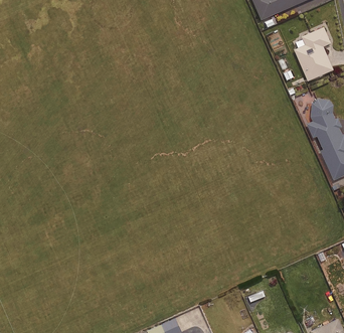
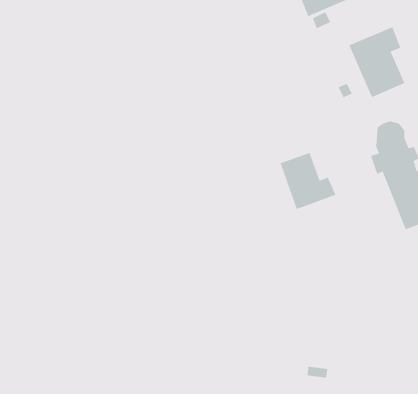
building: none -> [280,152,336,210]

